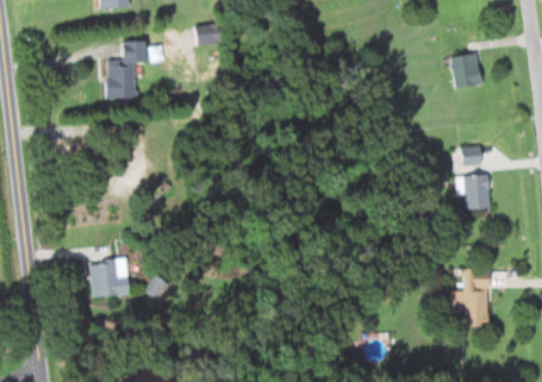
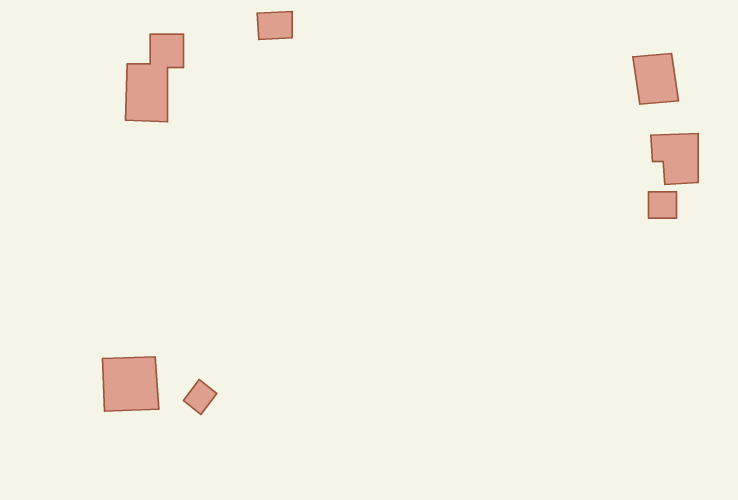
building: [456,175,488,209] -> [651,134,698,184]
building: [463,270,487,327] -> none

